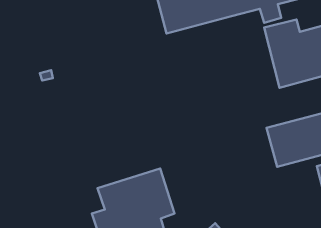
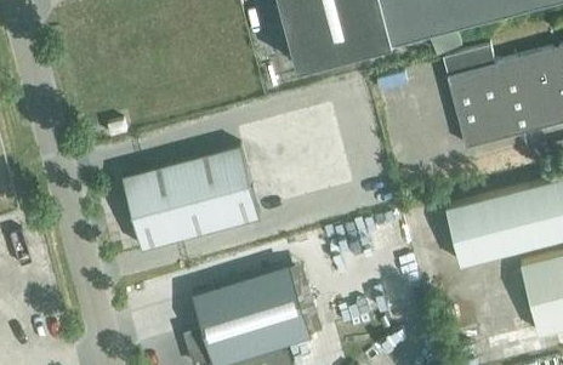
building: none -> [121,149,258,251]

